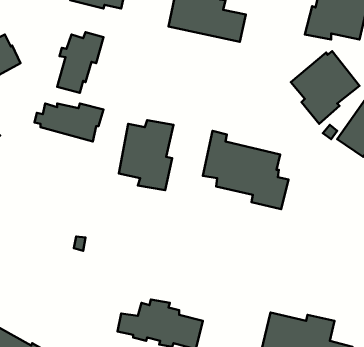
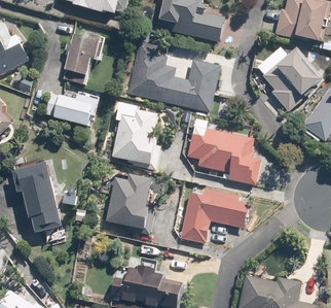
building: none -> [126,41,220,111]
building: none -> [15,161,67,230]
building: none -> [108,172,156,234]
building: none -> [180,187,250,242]

